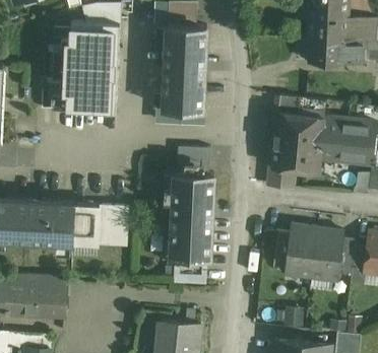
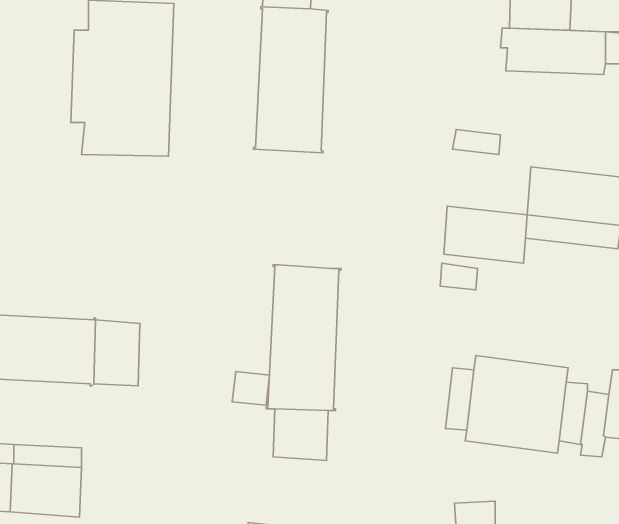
building: [273,112,321,145] -> none
building: [177,147,209,175] -> none
building: [97,207,125,244] -> none

